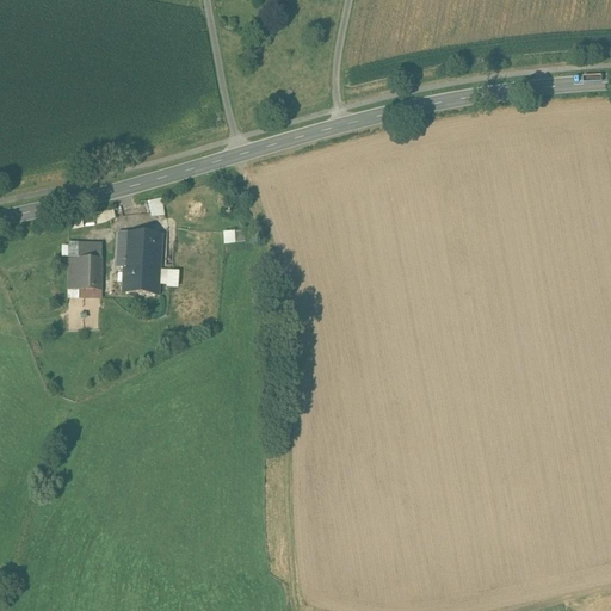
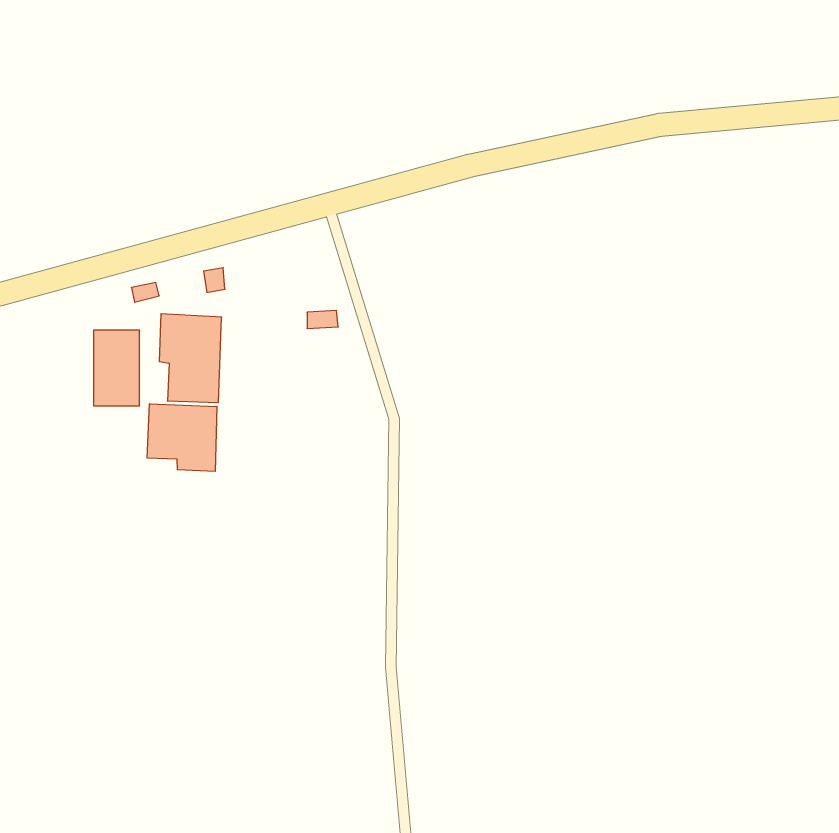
building: none -> [147,404,217,471]

